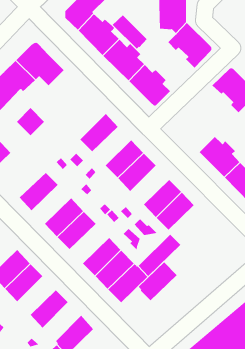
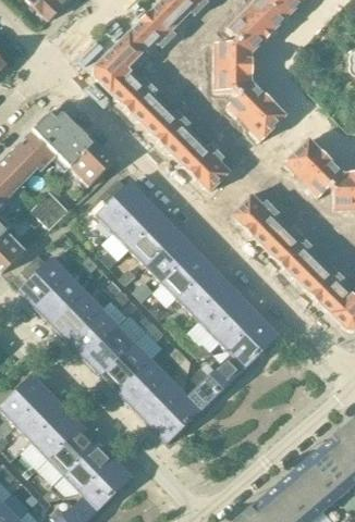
building: [112,14,148,50] -> none
building: none -> [70,142,112,185]
building: none -> [96,178,147,232]
building: none -> [234,192,287,248]
building: none -> [130,215,180,265]
building: none -> [19,256,70,307]
building: none -> [179,265,229,315]
building: none -> [51,290,102,340]
building: none -> [100,340,151,391]
building: [138,262,178,301] -> [228,316,279,368]
building: none -> [33,408,83,458]
building: none -> [65,442,115,492]

